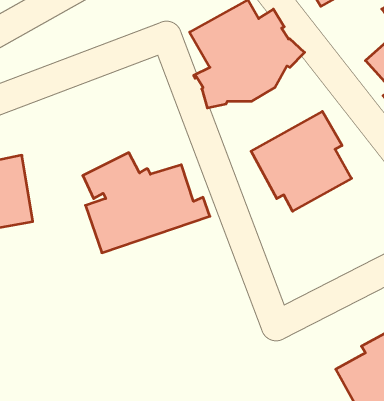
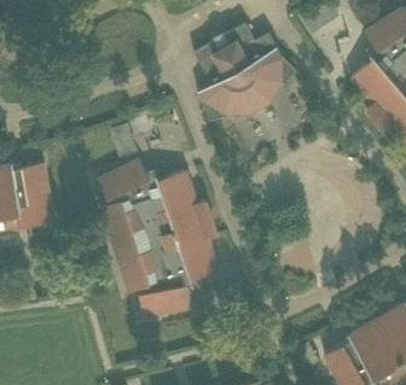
building: [251,111,352,211] -> none
building: none -> [115,216,220,315]

